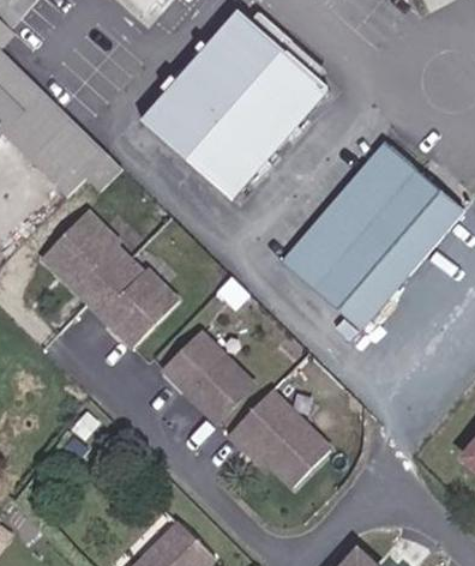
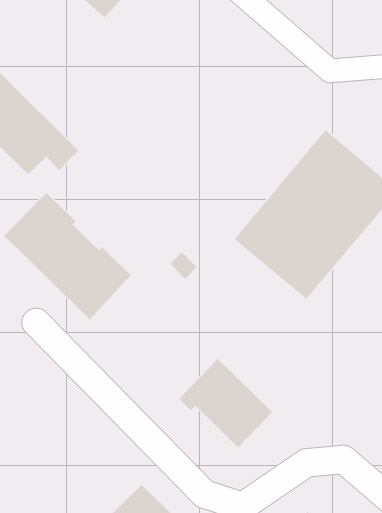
building: [142,11,327,200] -> none
building: [162,332,248,419] -> none

